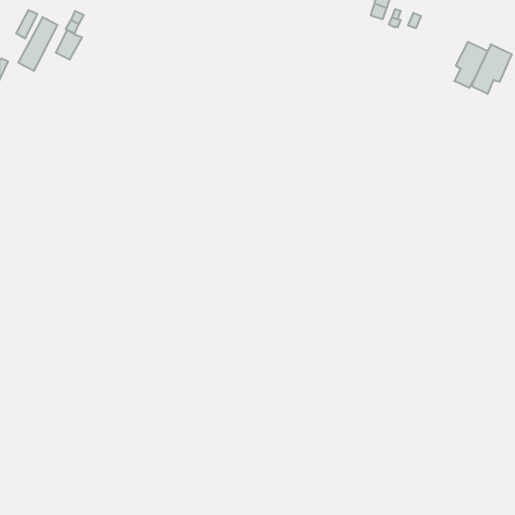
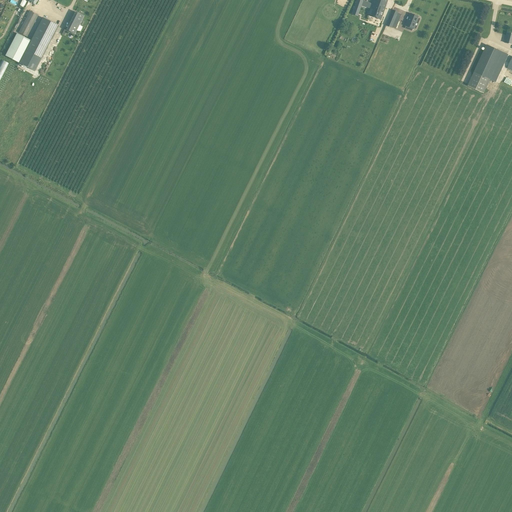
building: [56,30,82,60] -> [4,33,30,62]
building: [454,42,487,88] -> none

